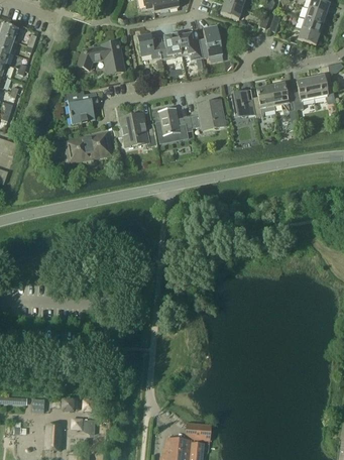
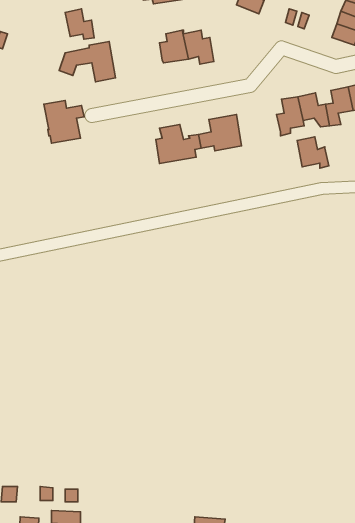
building: [200,24,223,56] -> none
building: [138,32,161,56] -> [65,9,94,39]
building: [231,90,256,115] -> [297,137,329,168]
building: [121,113,157,145] -> none
building: [67,132,111,159] -> none

